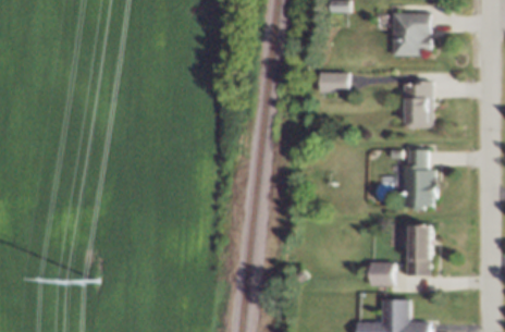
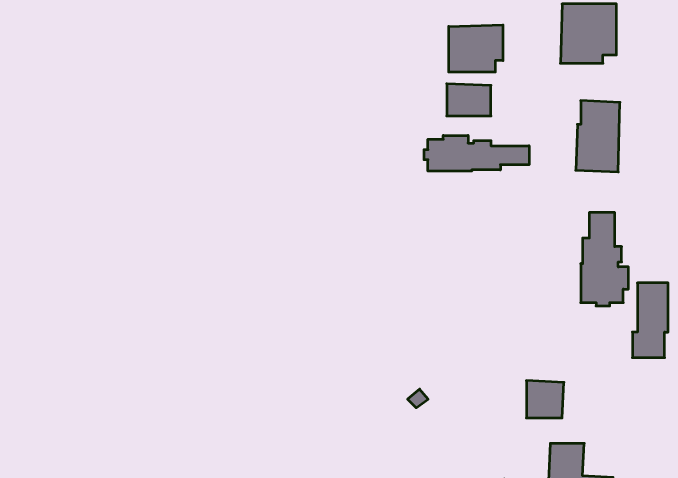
building: none -> [449,25,503,72]
building: none -> [424,135,529,171]
building: [407,229,430,276] -> [632,283,668,358]

